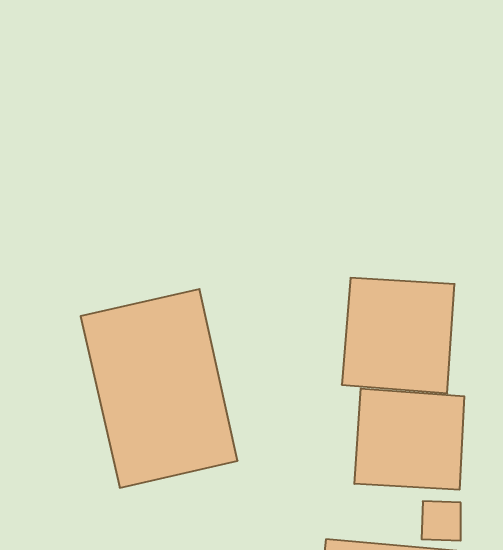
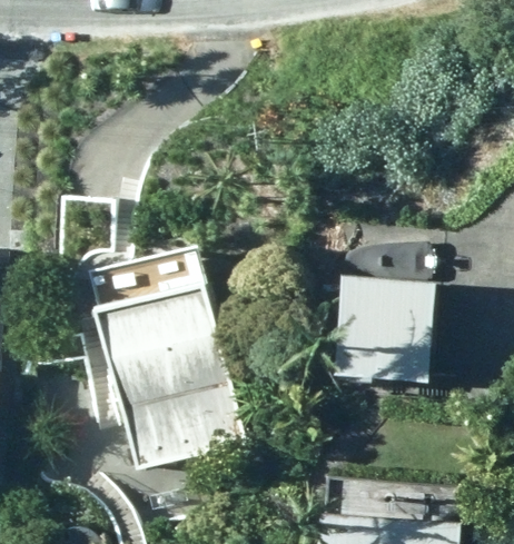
building: [354,388,464,490] -> none

